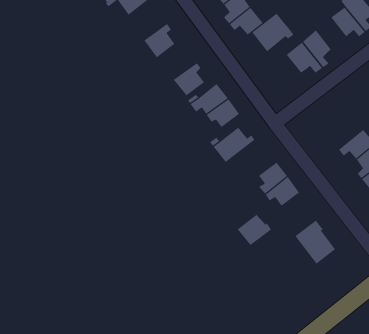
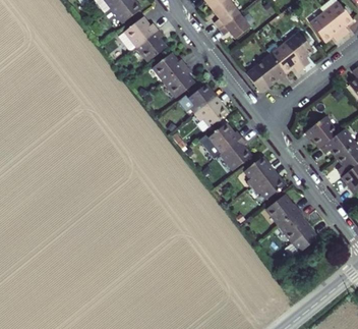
building: none -> [122,17,161,49]
building: [252,13,294,52] -> [247,58,287,95]
building: none -> [156,54,188,81]
building: none -> [304,116,337,147]
building: none -> [221,138,251,171]
building: [237,214,272,246] -> [266,198,299,227]

